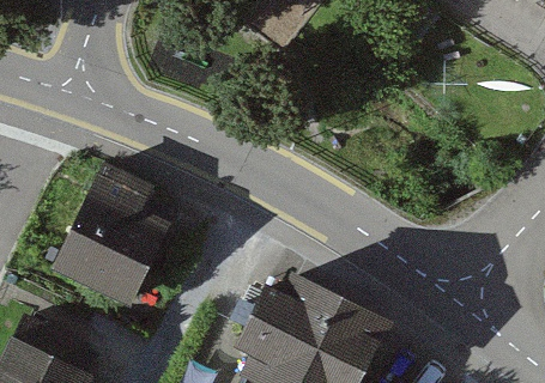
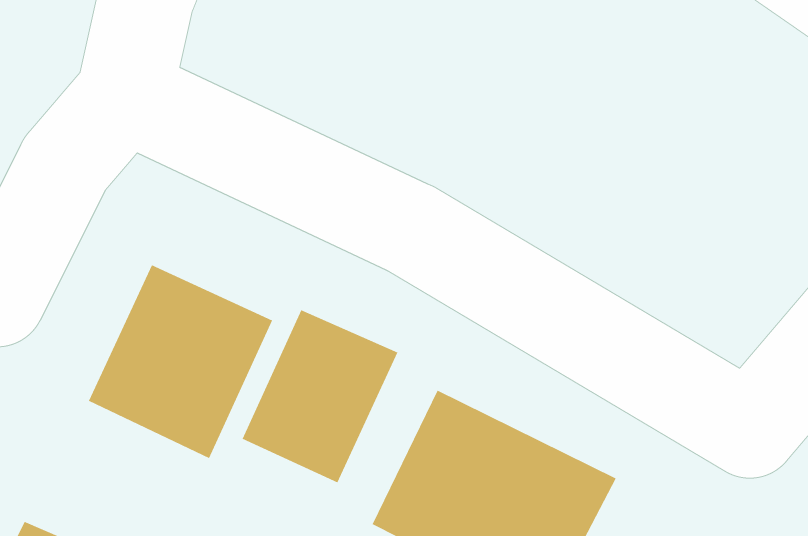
building: none -> [241,309,399,484]

